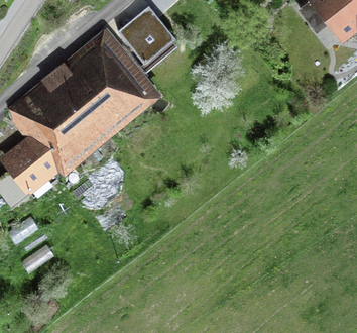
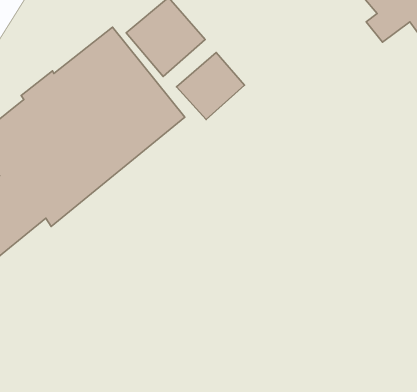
building: none -> [177,53,244,120]

